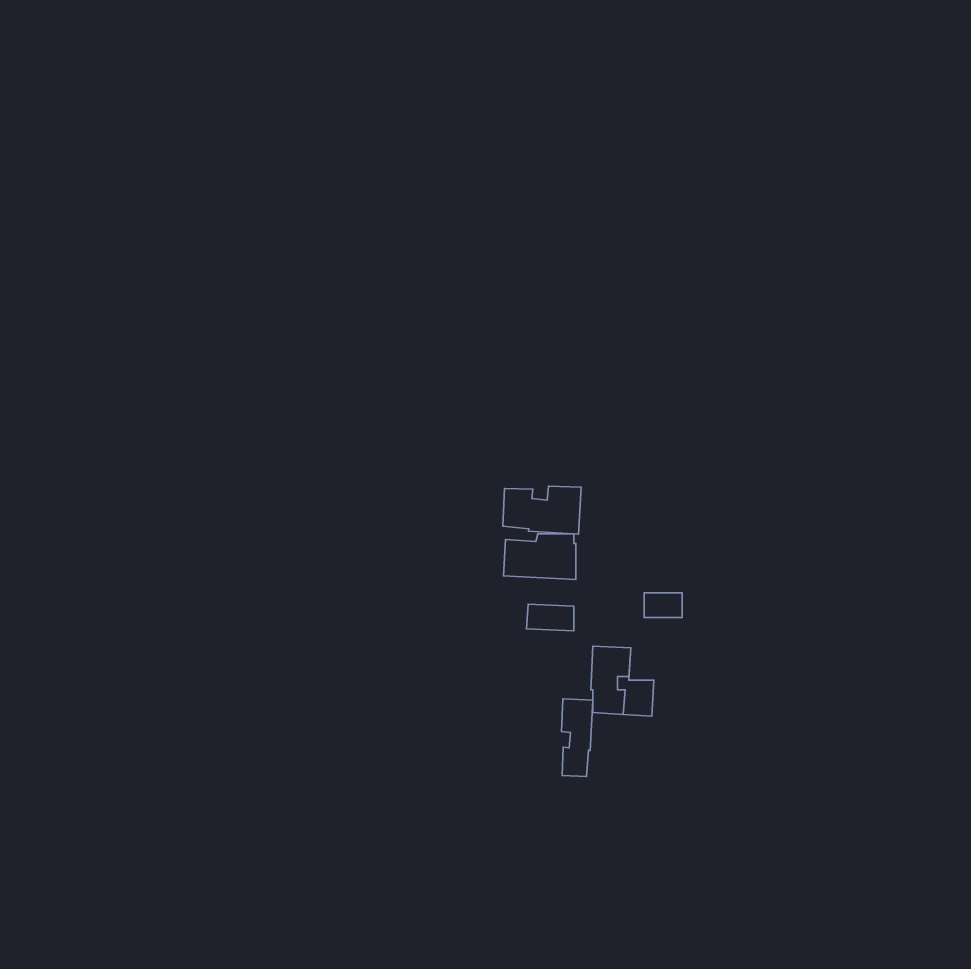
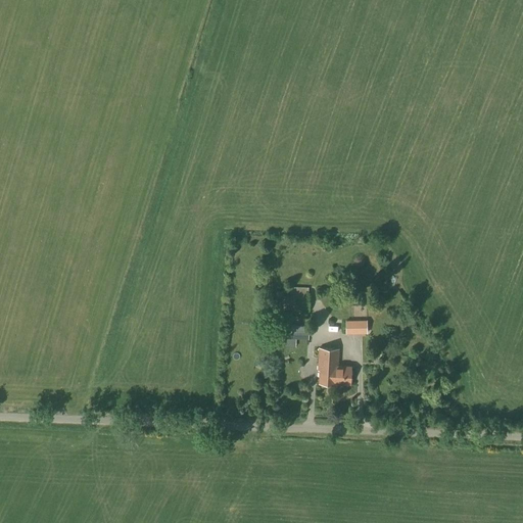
building: [503,486,581,534] -> none
building: [562,699,593,776] -> none

